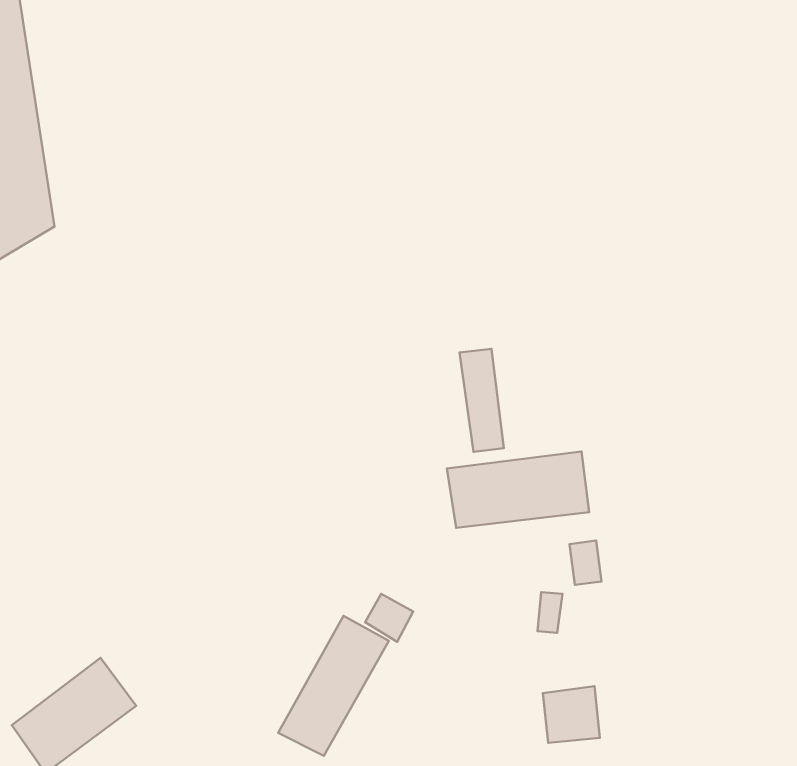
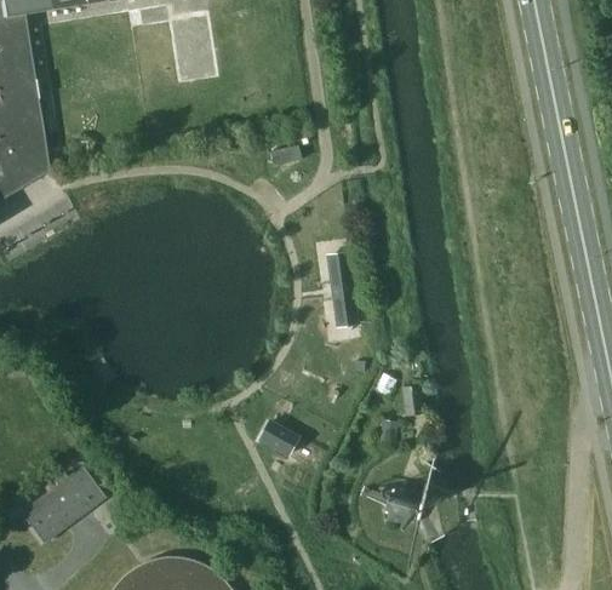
building: [447,452,589,528] -> none
building: [278,616,389,756] -> none

